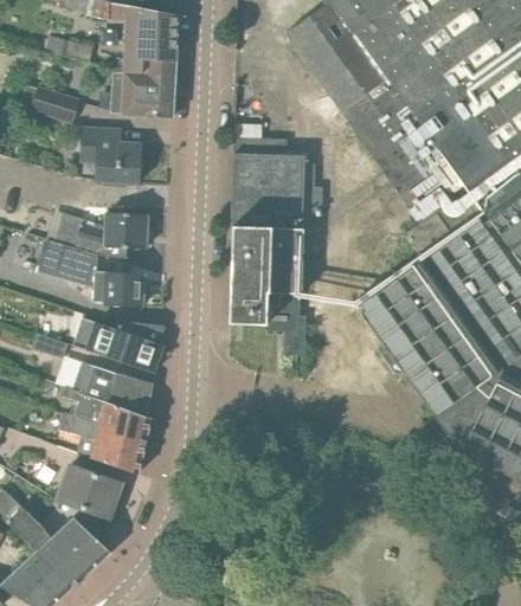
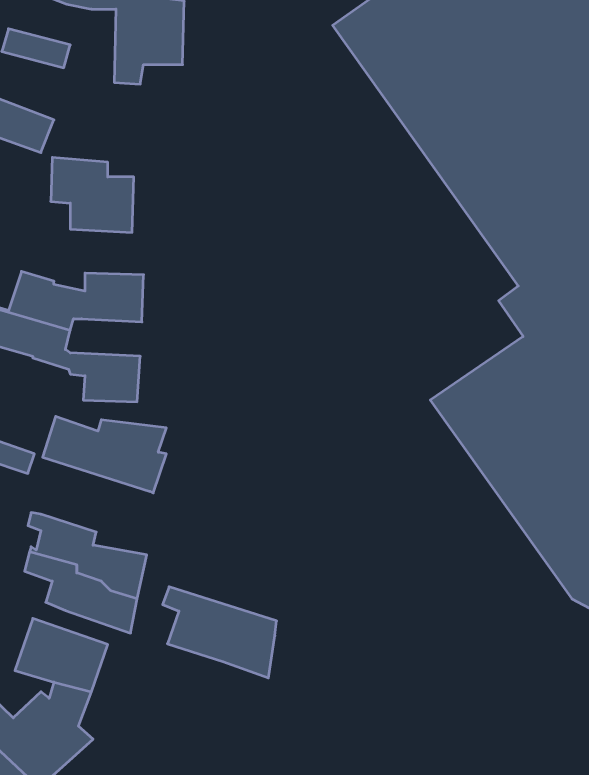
building: [109,60,175,117] -> none
building: [230,136,323,354] -> none
building: [69,346,152,412] -> [163,587,277,678]

